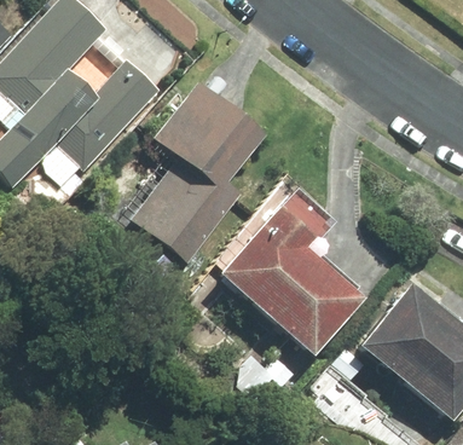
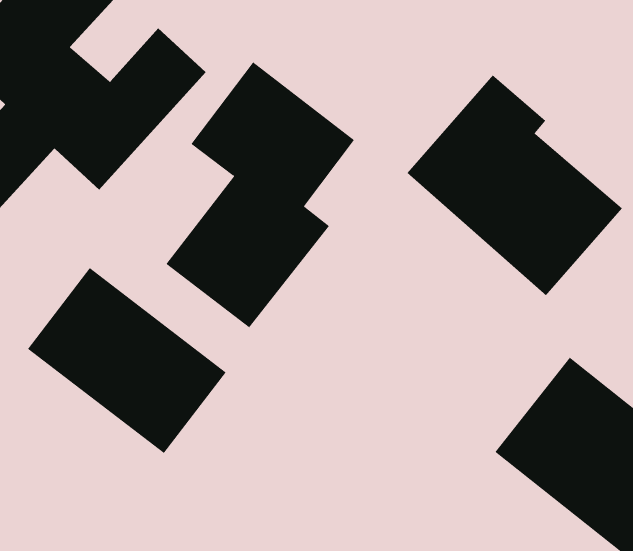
building: [216,206,363,356] -> [407,74,623,296]
building: none -> [27,267,227,454]

